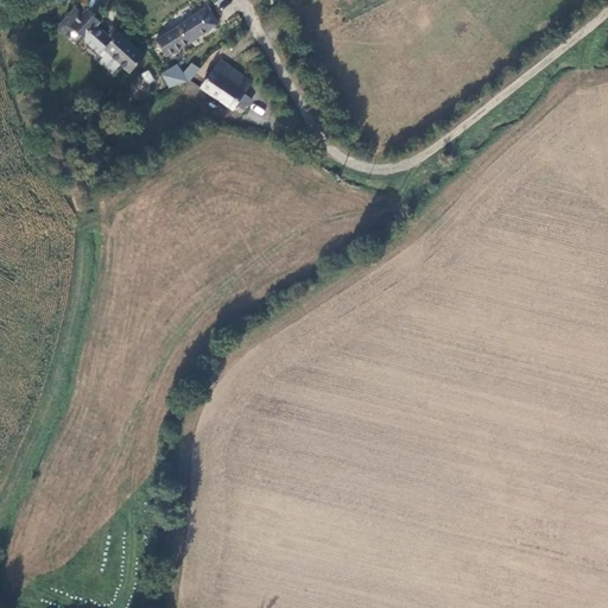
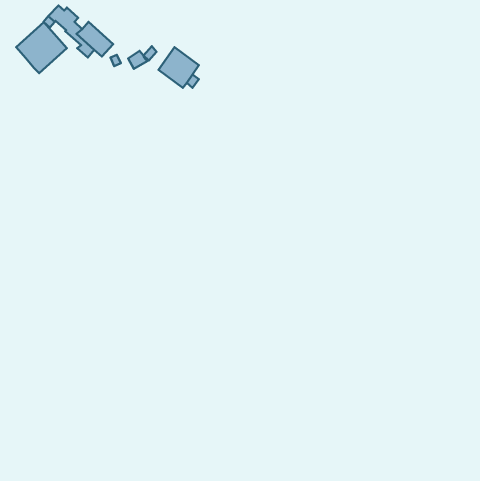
building: [154,6,217,55] -> none
building: none -> [16,22,67,73]

